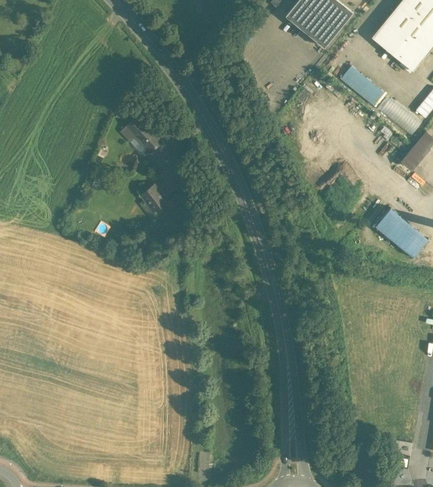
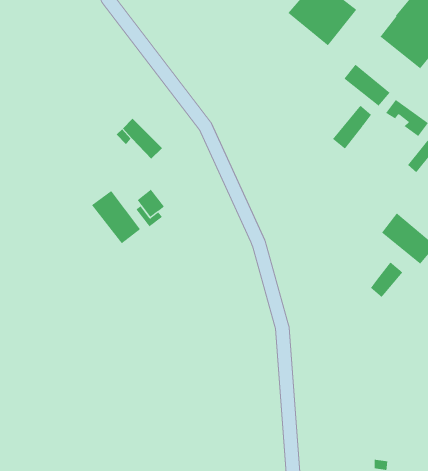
building: none -> [332,105,372,150]
building: none -> [91,190,141,244]
building: none -> [370,262,403,298]

